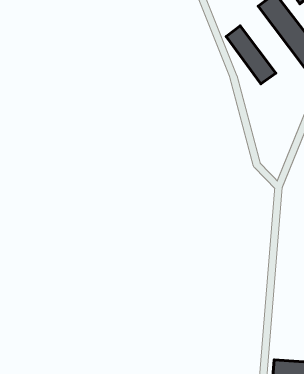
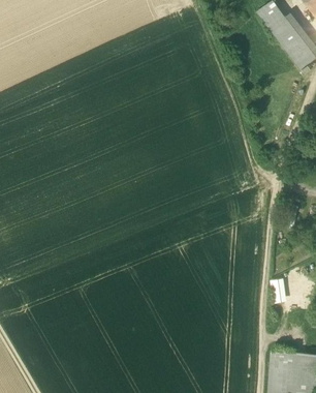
building: [226,26,276,84] -> none

